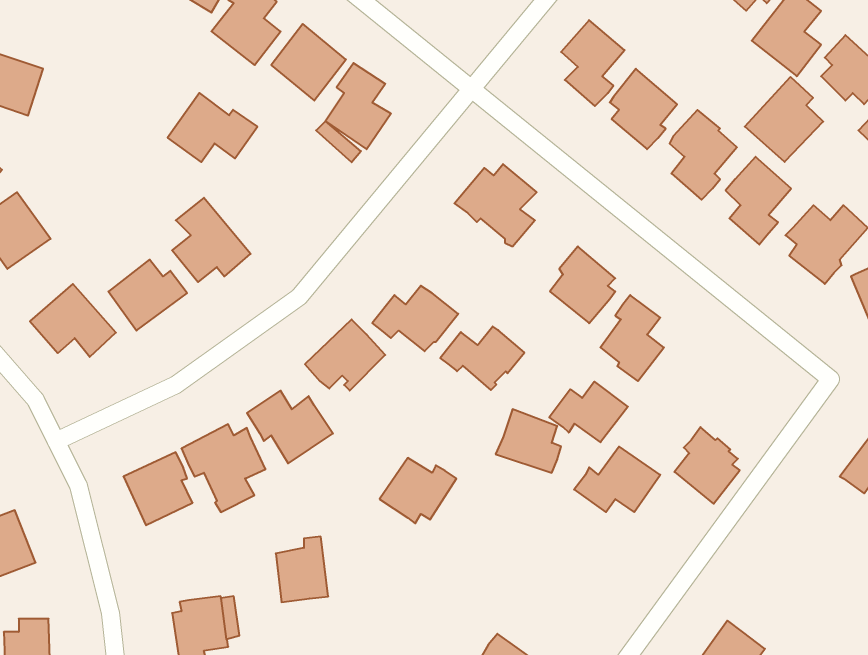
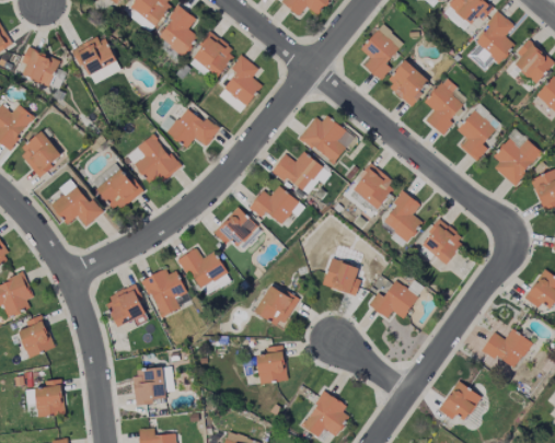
building: none -> [72,35,116,77]
building: [745,77,823,162] -> none
building: [168,93,257,162] -> [166,108,219,149]
building: [440,326,524,390] -> [274,153,323,190]
building: [549,382,628,442] -> none
building: [674,427,740,504] -> [425,219,463,264]
building: none -> [482,329,531,369]
building: [276,537,328,602] -> [257,346,288,384]

